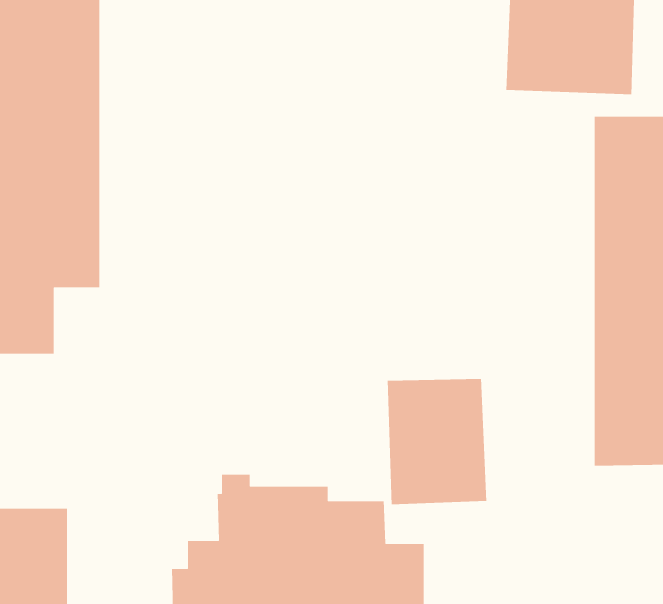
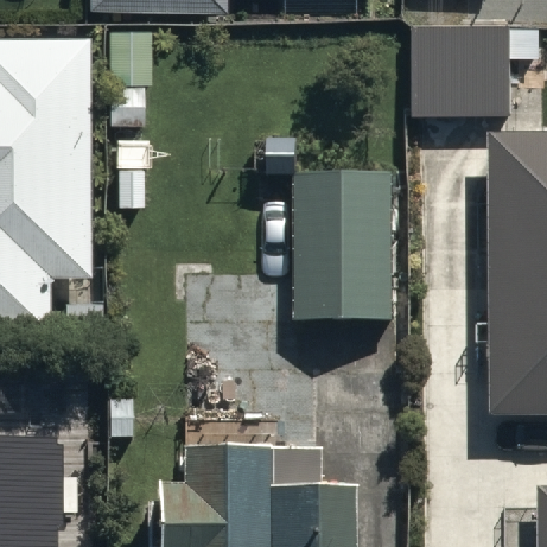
building: none -> [267,138,397,330]
building: [387,378,487,505] -> none

